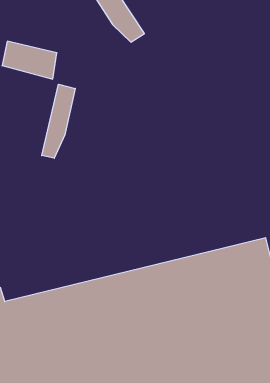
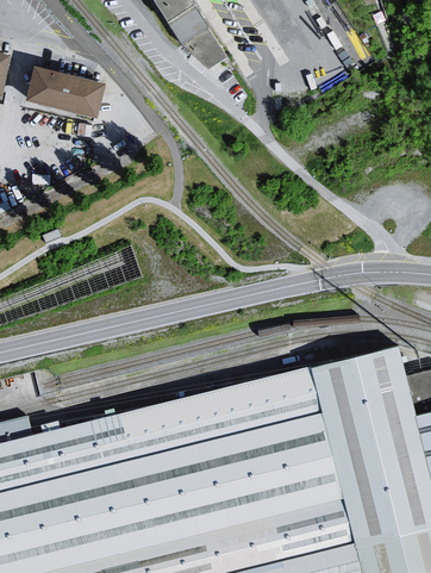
building: [42,84,75,158] -> none

